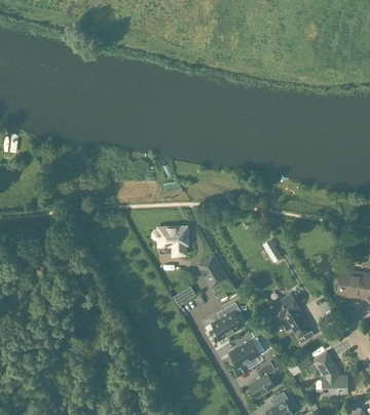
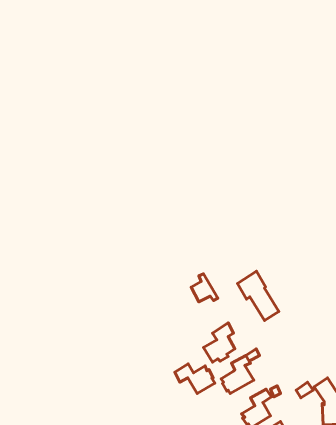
building: [152,226,187,253] -> none
building: [273,293,311,338] -> [238,271,279,321]
building: none -> [175,364,215,393]

